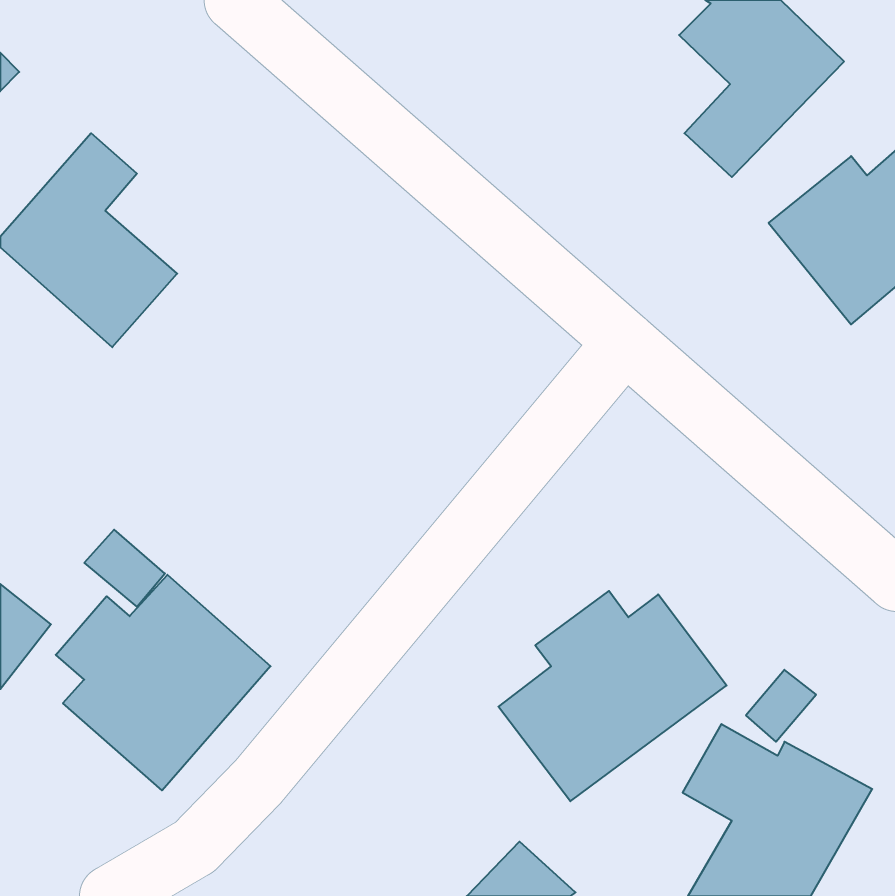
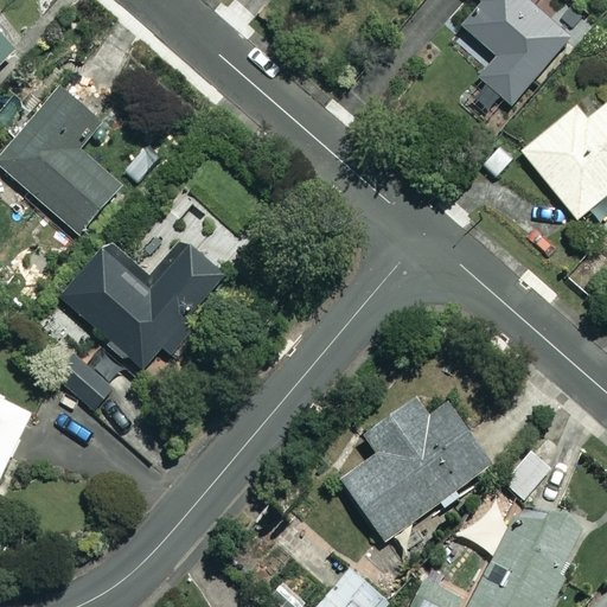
building: none -> [58,243,223,370]
building: [56,575,271,790] -> none

